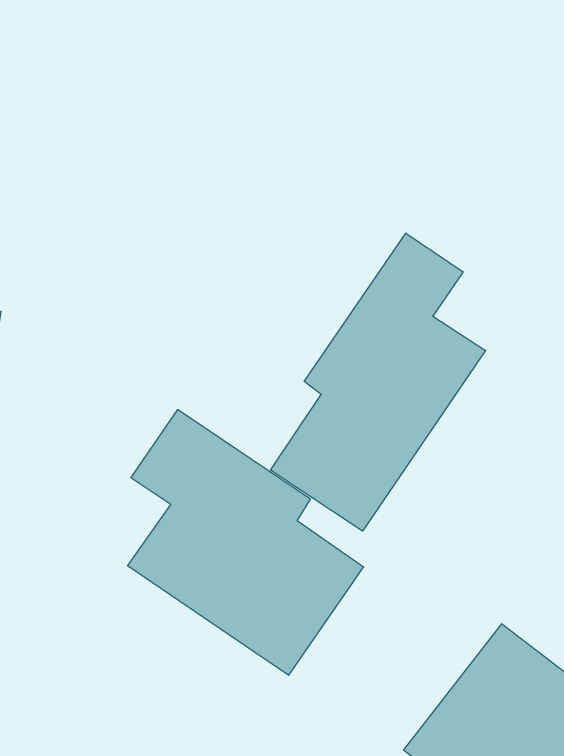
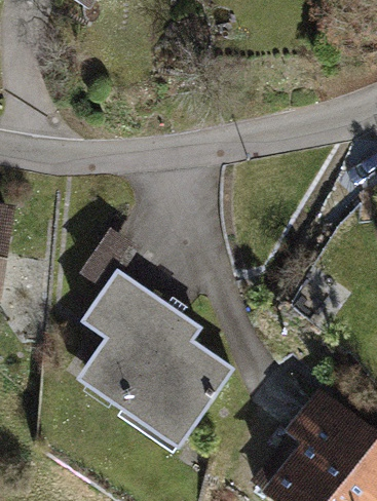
building: [271,233,486,531] -> none

